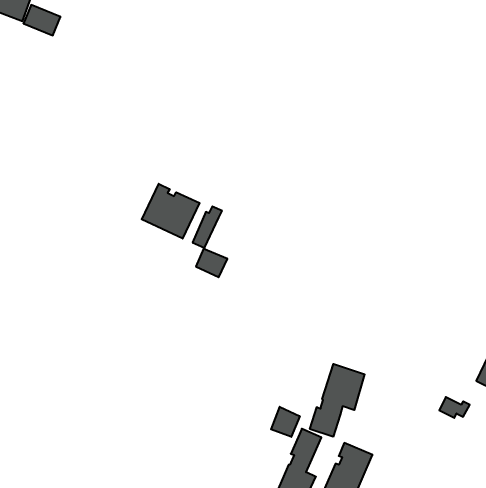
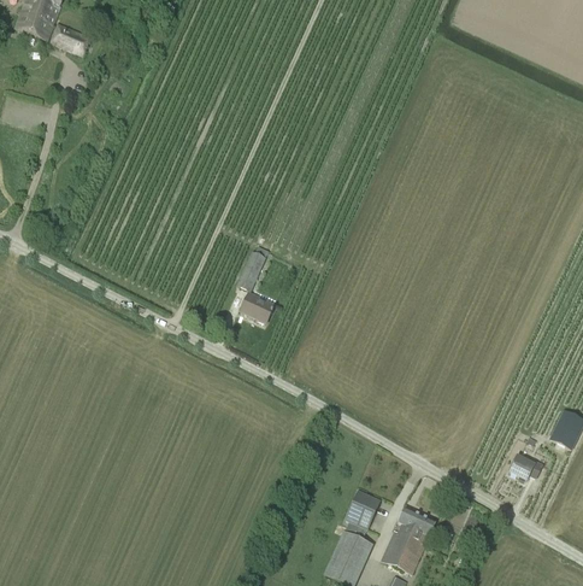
building: [142,184,200,239] -> none
building: [310,364,365,437] -> none
building: [271,407,300,437] -> none

